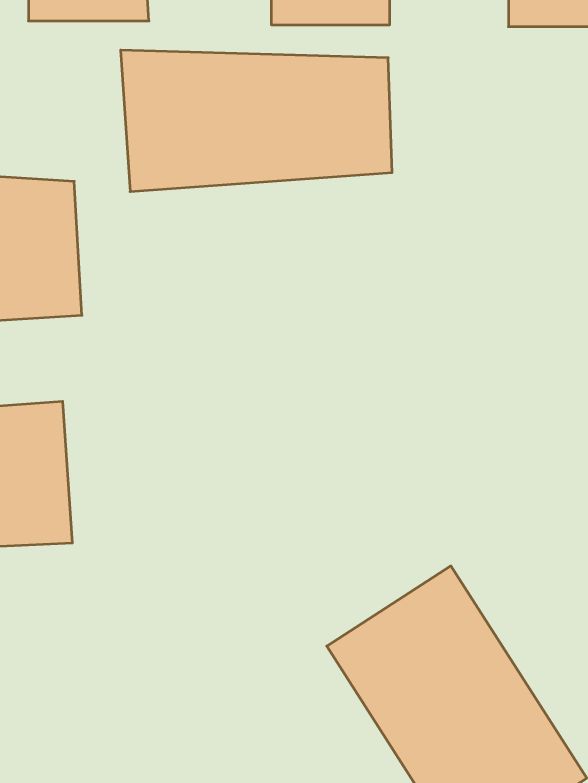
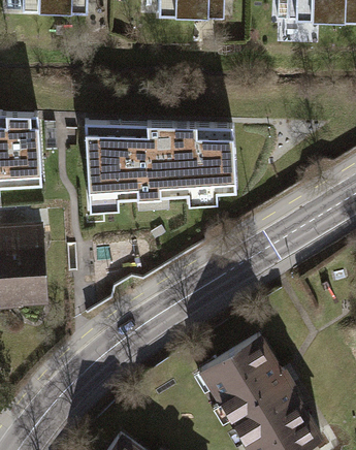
building: [121,50,392,192] -> [91,120,237,196]

